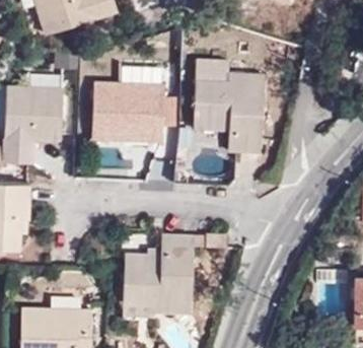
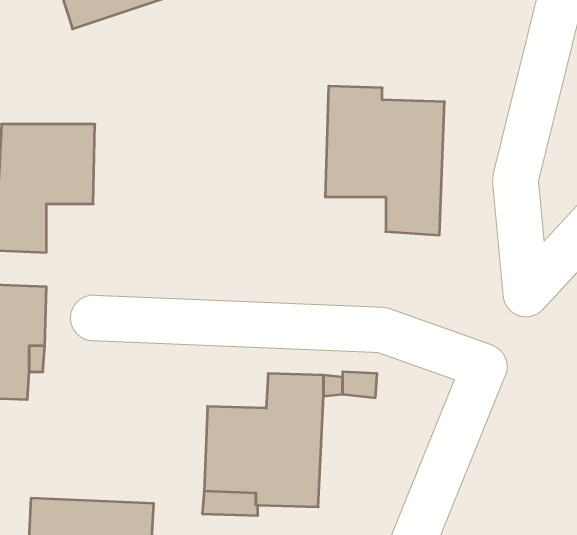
building: [93,83,166,140] -> none

